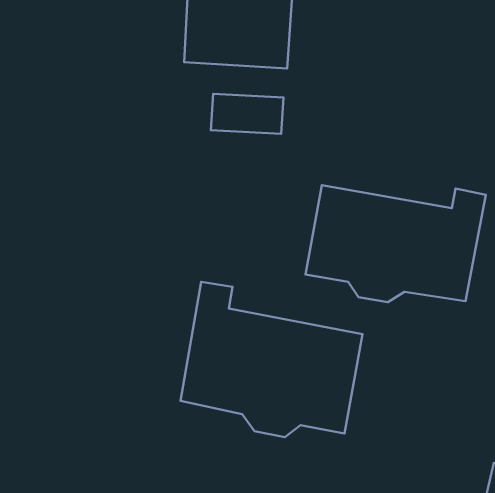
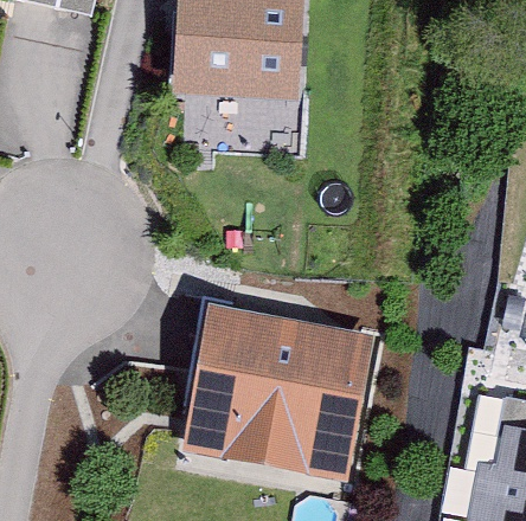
building: [305,185,486,302] -> none

